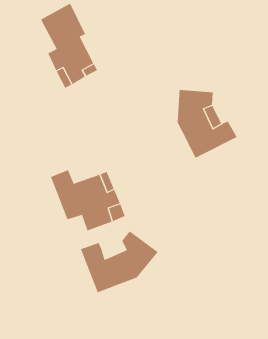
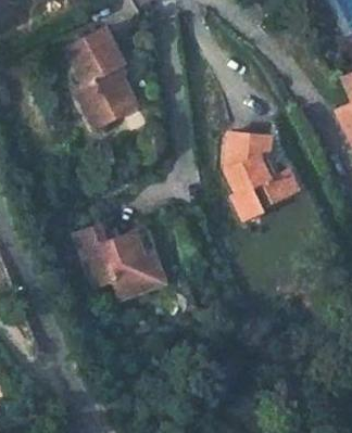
building: [80,230,158,293] -> none

